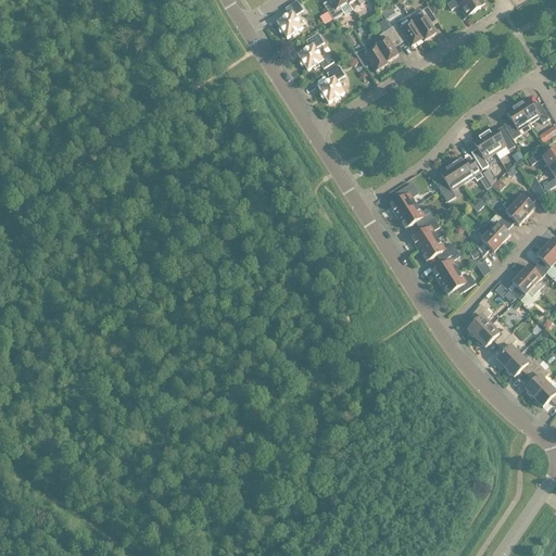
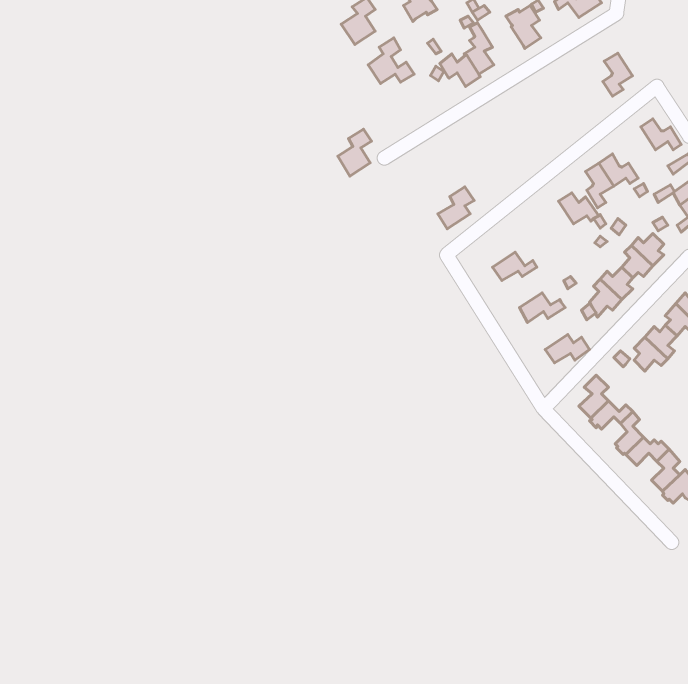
building: [390,13,422,45] -> none
building: [318,63,345,101] -> [338,129,372,176]
building: [505,102,529,137] -> [603,53,633,96]
building: [439,162,463,200] -> none
building: [390,181,419,215] -> [438,187,474,229]
building: [412,215,440,248] -> none
building: [432,248,459,281] -> none

